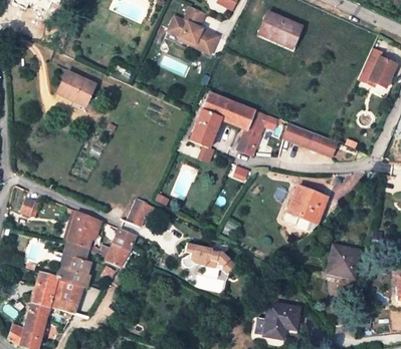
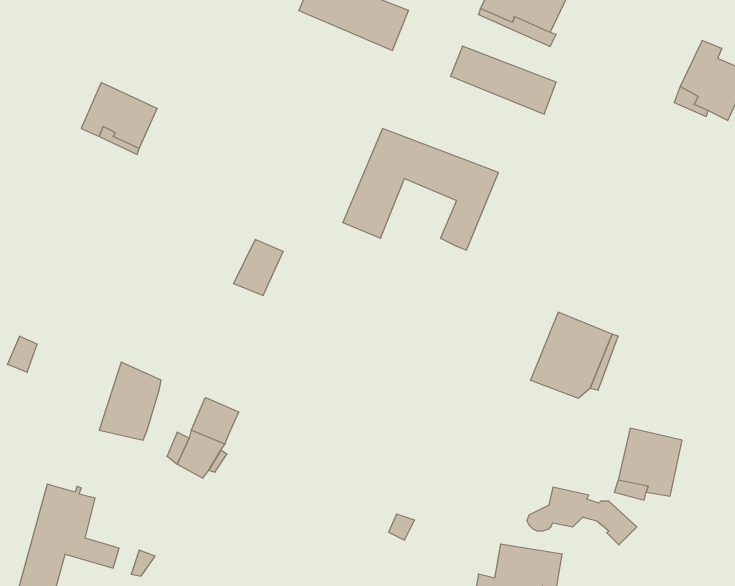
building: [283,123,337,157] -> [450,46,556,114]
building: [126,199,151,227] -> [233,240,283,296]
building: [182,244,237,273] -> [527,487,637,545]
building: [56,245,90,304] -> none

